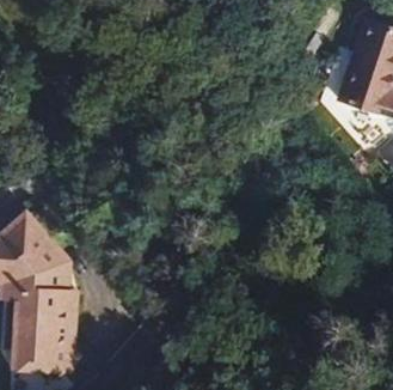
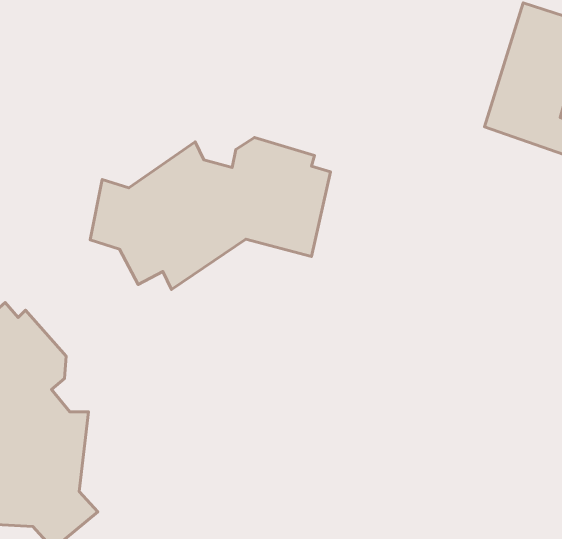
building: none -> [90,137,331,290]

